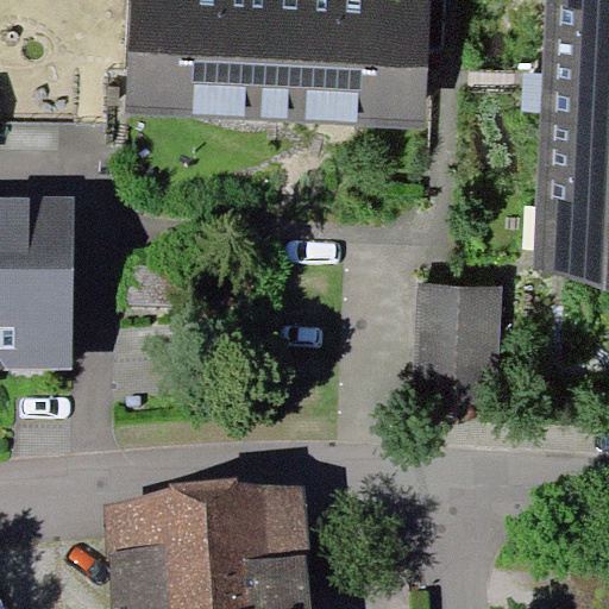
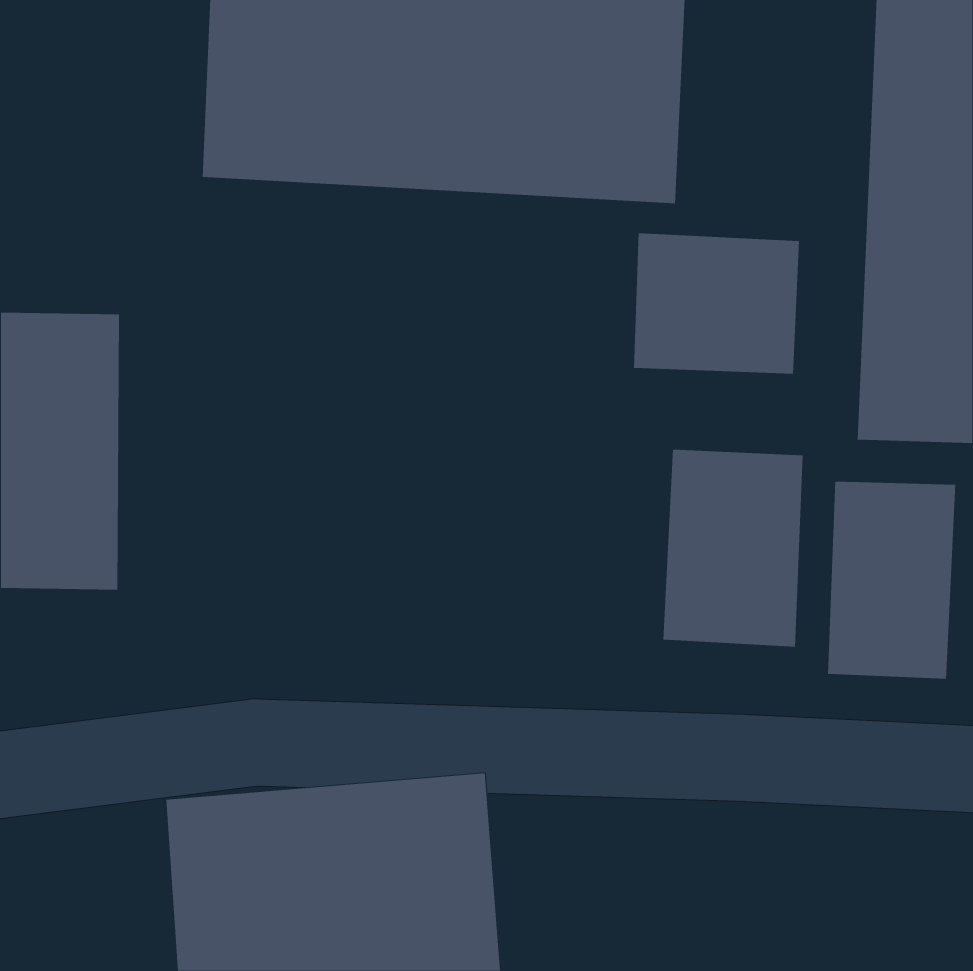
building: none -> [634,233,799,374]
building: none -> [828,481,956,680]

